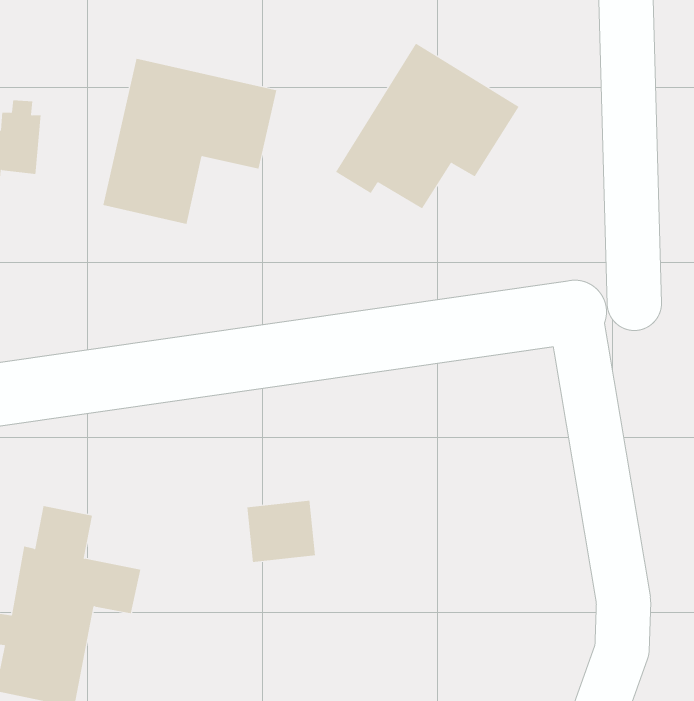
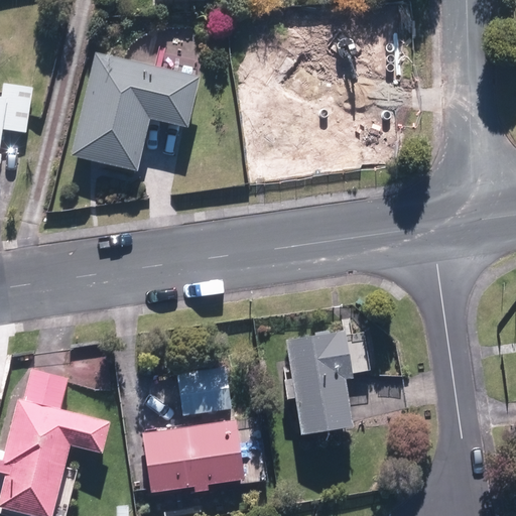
building: none -> [285,334,351,433]
building: none -> [141,423,235,490]

